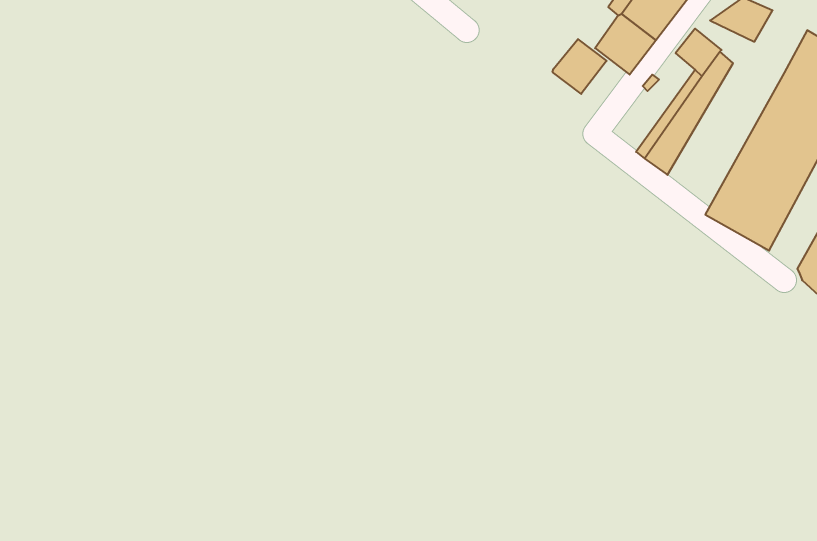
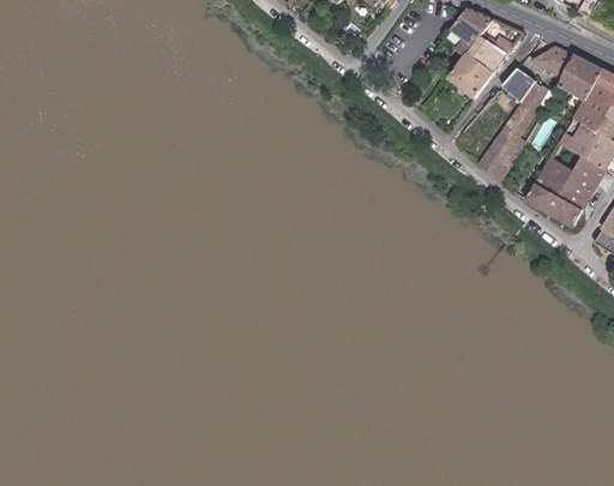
building: none -> [560,52,602,97]
building: [553,39,607,94] -> none

